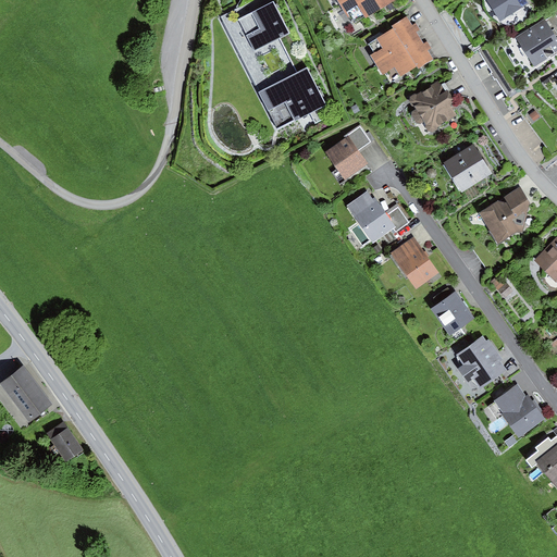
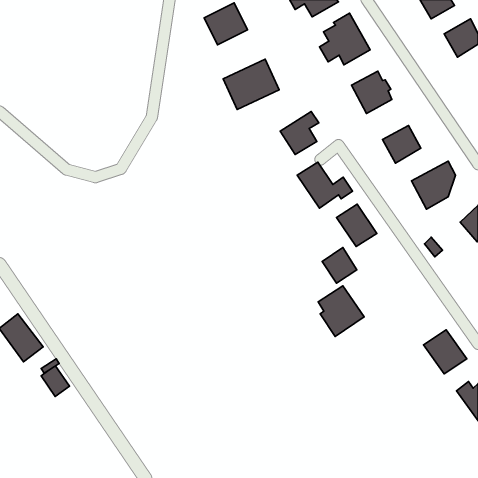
building: [432,290,472,332] -> [322,247,357,283]
building: [455,335,508,394] -> [318,286,364,336]

